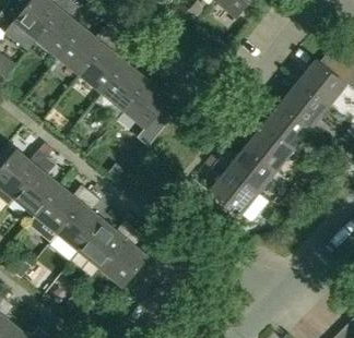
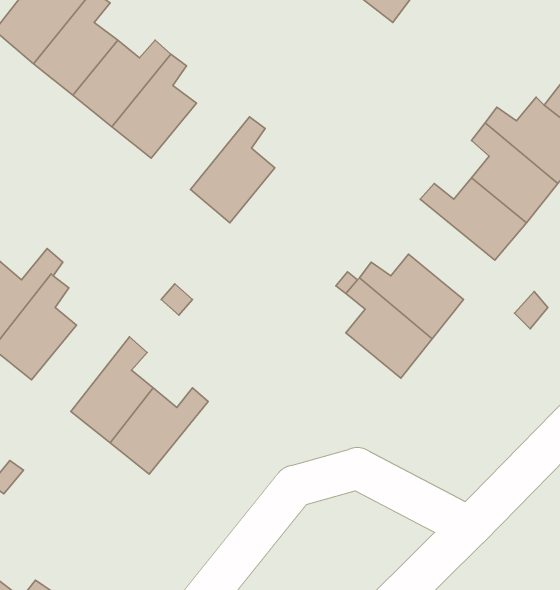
building: [101,63,155,111] -> none
building: [243,117,292,172] -> none
building: [34,186,88,234] -> none
building: [99,229,145,287] -> none

